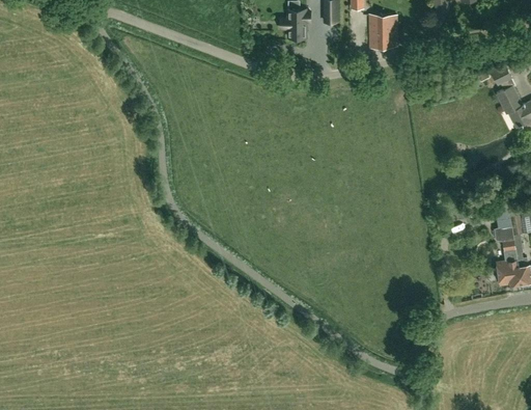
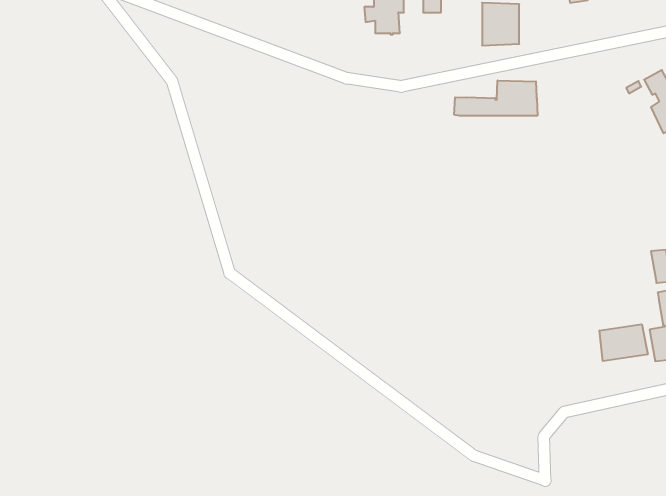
building: none -> [454,80,537,116]
building: none -> [600,324,648,361]

